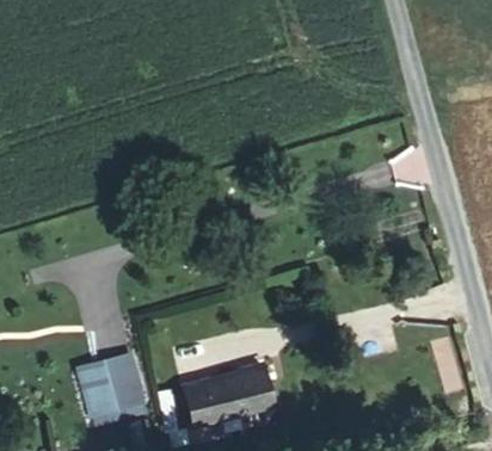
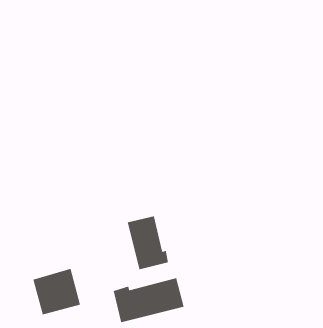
building: none -> [127,215,169,270]

